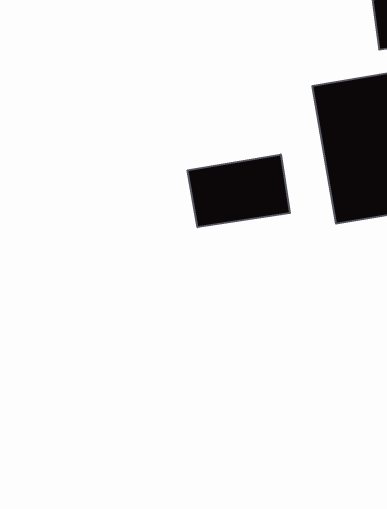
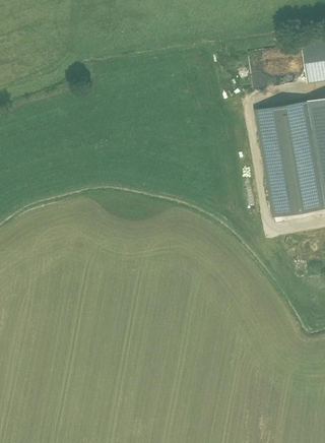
building: [188,154,290,227] -> none

